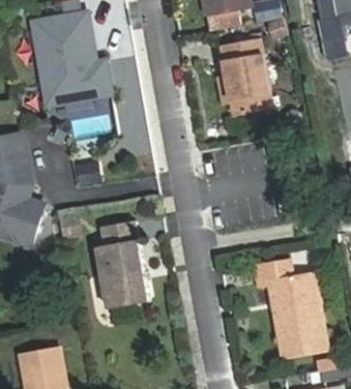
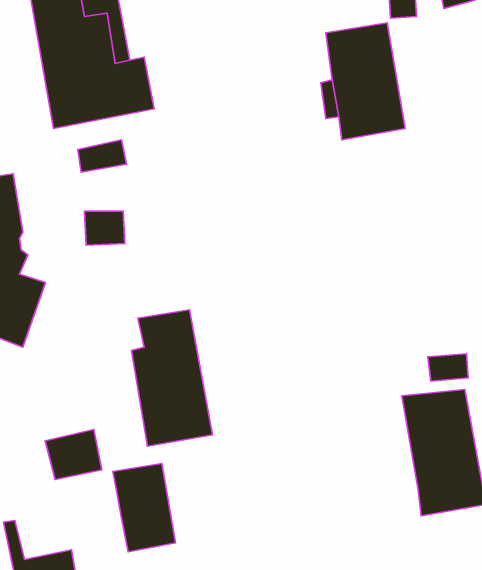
building: none -> [113,463,176,552]
building: [24,350,60,382] -> [45,429,102,480]

